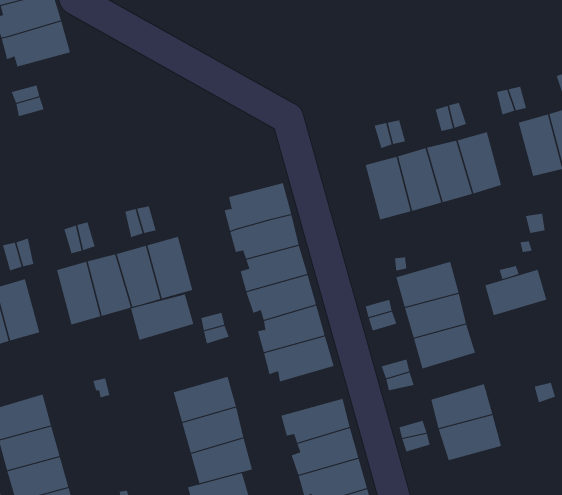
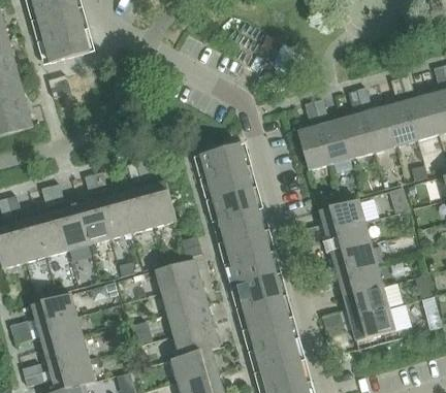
building: none -> [385,101,417,145]
building: [484,269,547,316] -> [339,264,383,297]
building: none -> [58,205,90,250]
building: [130,294,194,340] -> [156,259,201,292]
building: none -> [234,273,283,308]

